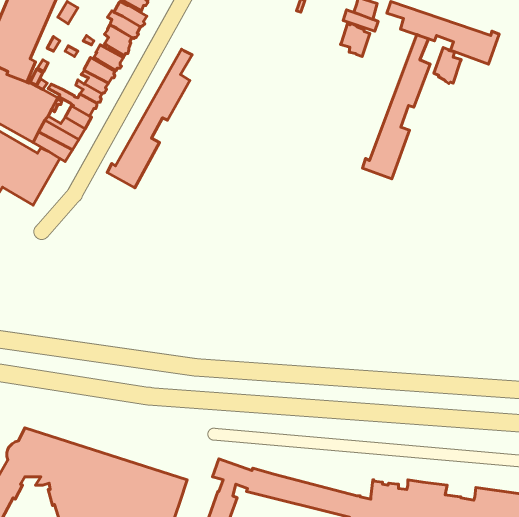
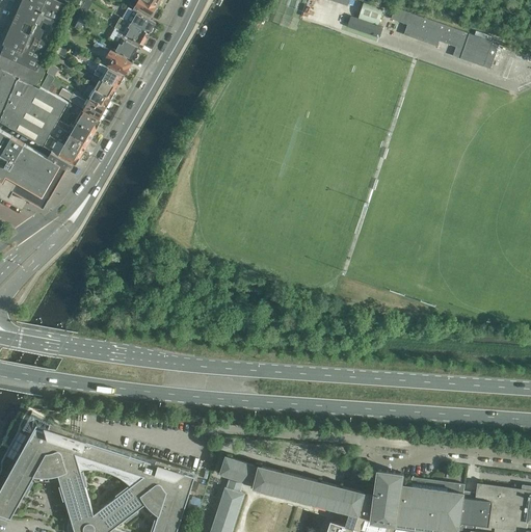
building: [341,23,370,56] -> none
building: [362,35,430,179] -> none
building: [434,48,461,83] -> none
building: [107,49,192,188] -> none

